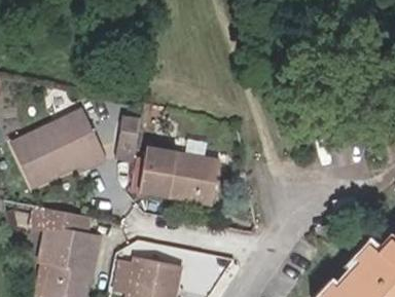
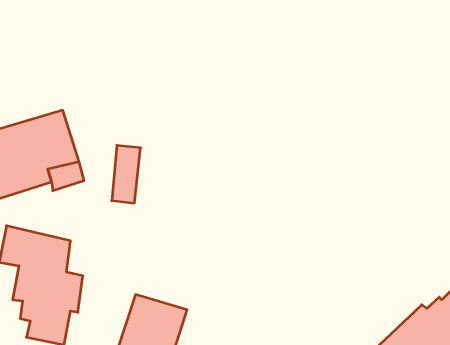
building: [144,141,221,199] -> none

